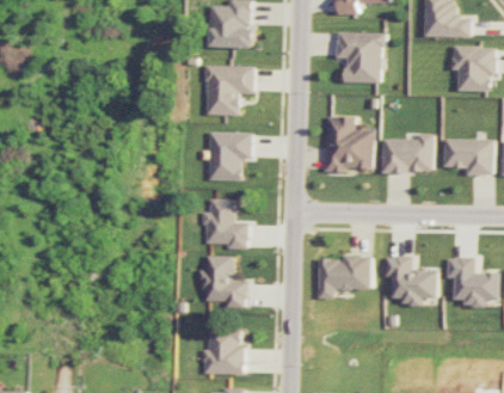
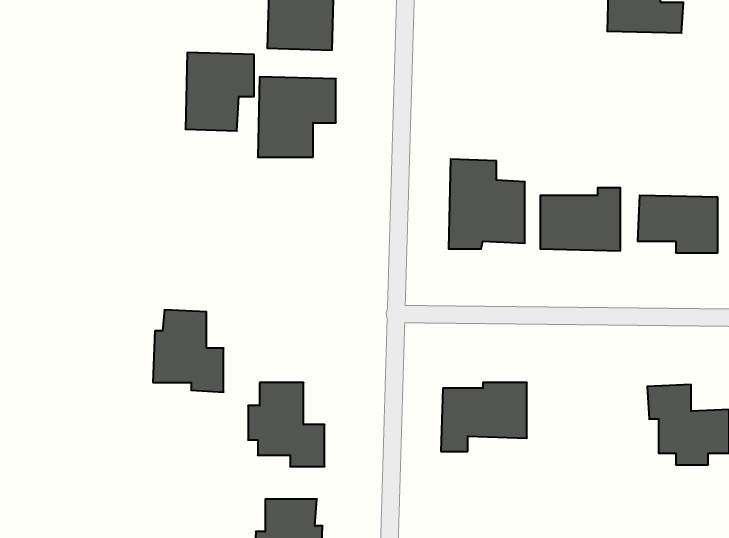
building: [336,31,382,82] -> none
building: [451,45,493,91] -> none
building: [208,131,251,180] -> [185,53,254,131]
building: [203,198,247,250] -> [153,310,224,392]
building: [386,256,438,306] -> none

